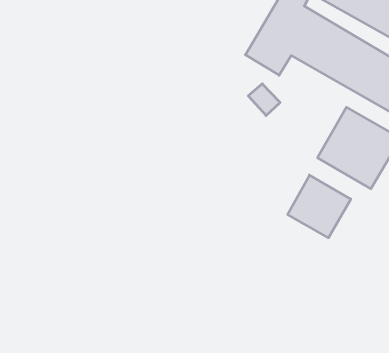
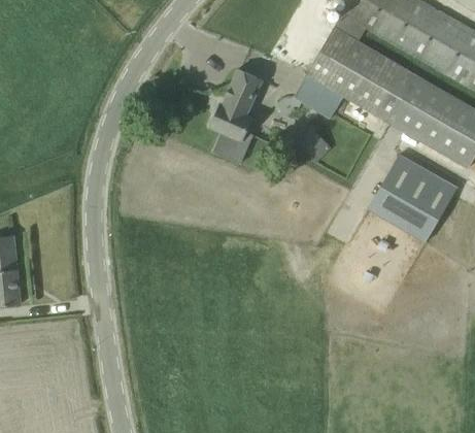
building: none -> [209,69,262,164]
building: [288,175,351,238] -> none

